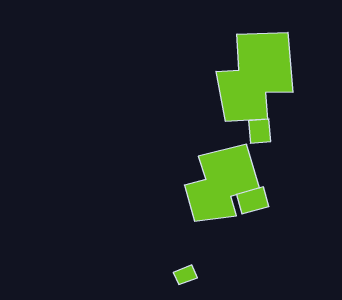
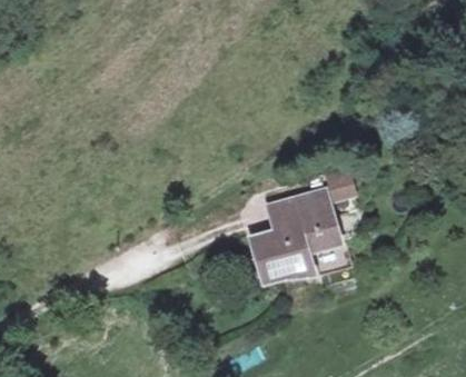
building: [216,32,293,121] -> none

